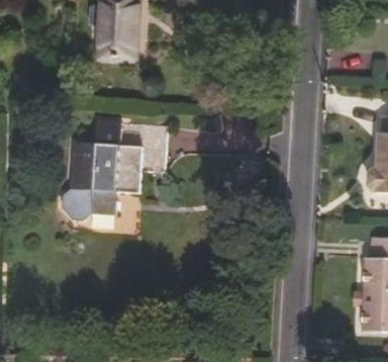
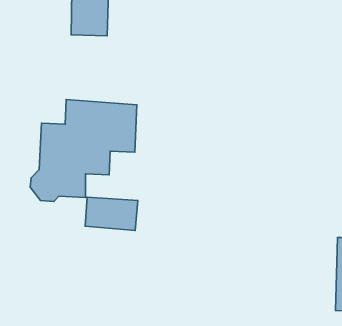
building: none -> [85,197,138,230]

